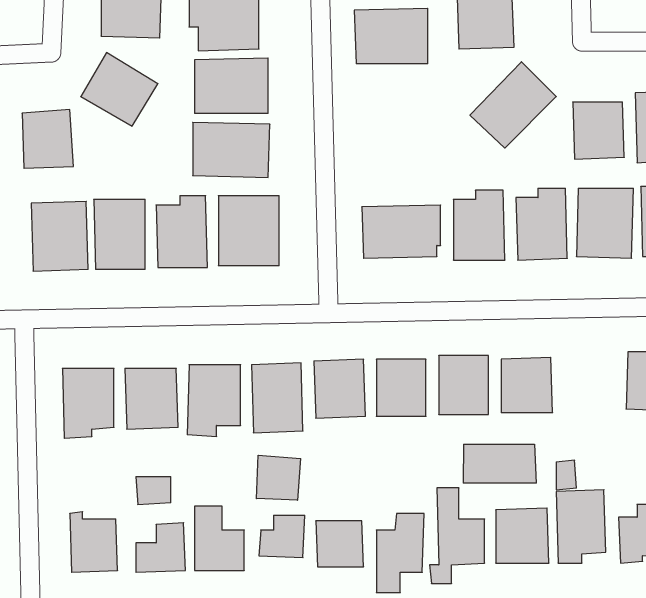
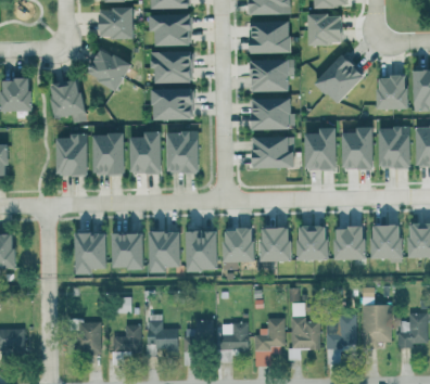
building: none -> [248,59,296,92]
building: none -> [248,98,289,130]
building: none -> [369,225,400,260]
building: [463,444,536,483] -> none
building: [256,455,301,500] -> none

